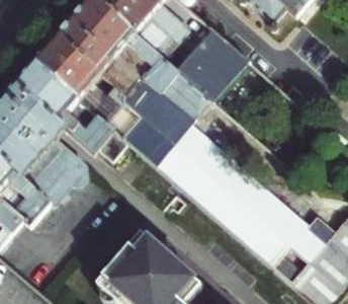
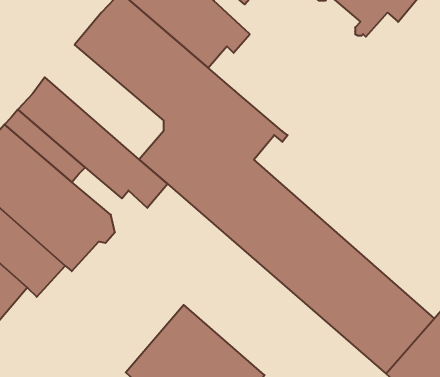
building: [178,29,249,99] -> none
building: [35,34,124,121] -> none

